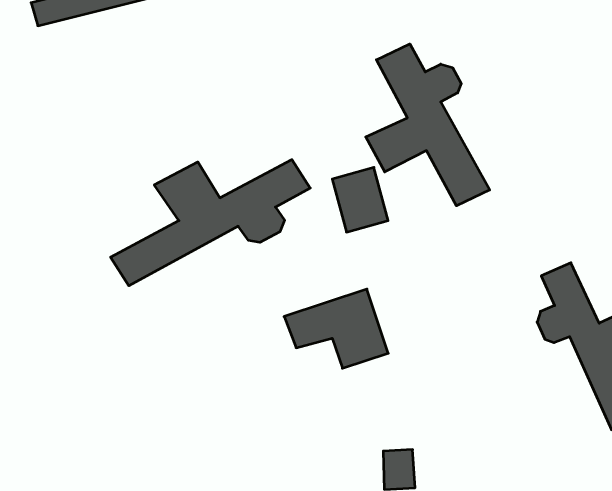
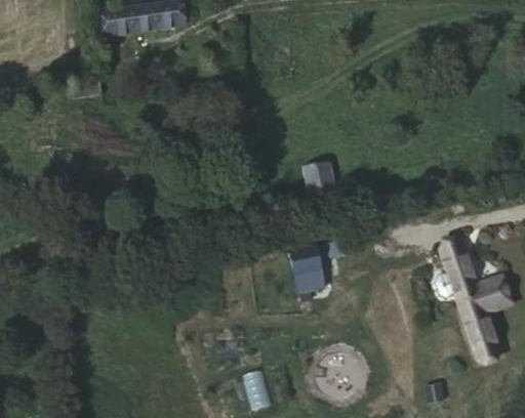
building: [366,44,490,206] -> none
building: [111,160,310,286] -> none

